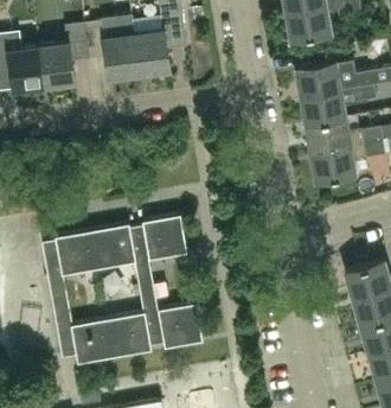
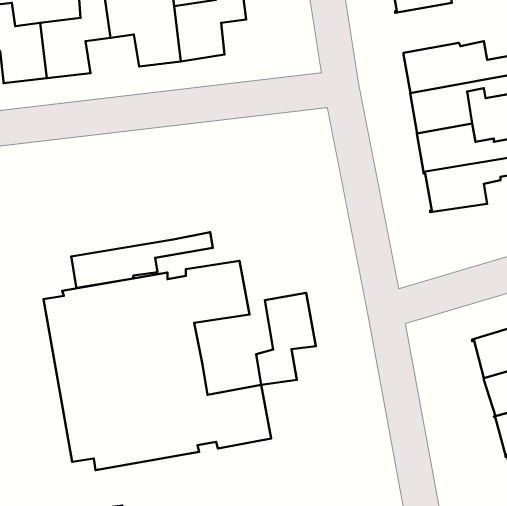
building: none -> [71,232,213,288]
building: none -> [256,293,316,385]

